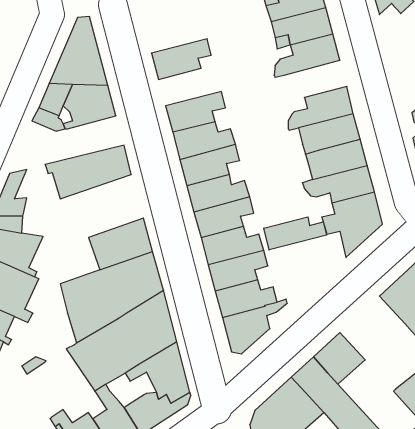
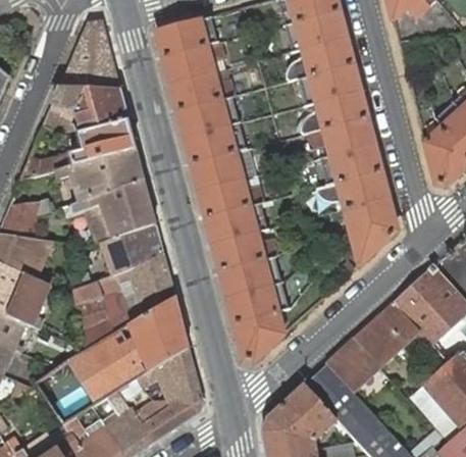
building: none -> [157,14,228,58]
building: none -> [298,65,361,103]
building: none -> [171,73,235,111]
building: none -> [21,121,137,180]
building: none -> [65,181,156,244]
building: [264,217,327,250] -> none
building: none -> [354,303,419,367]

